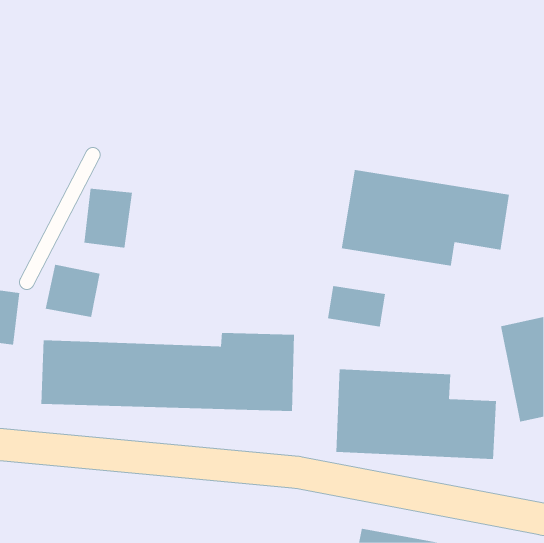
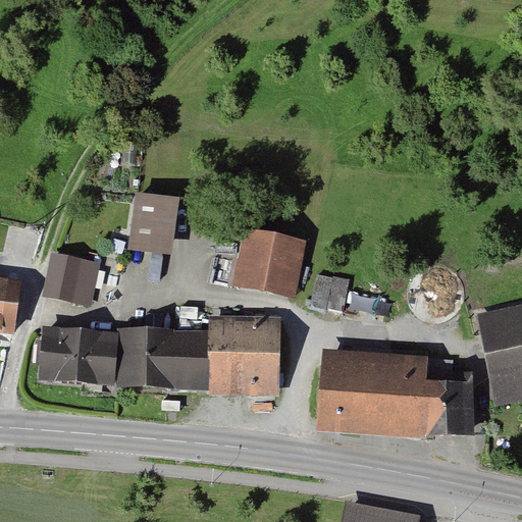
building: [341,169,509,266] -> none
building: [84,188,133,248] -> [130,196,177,253]
building: none -> [233,230,304,297]

